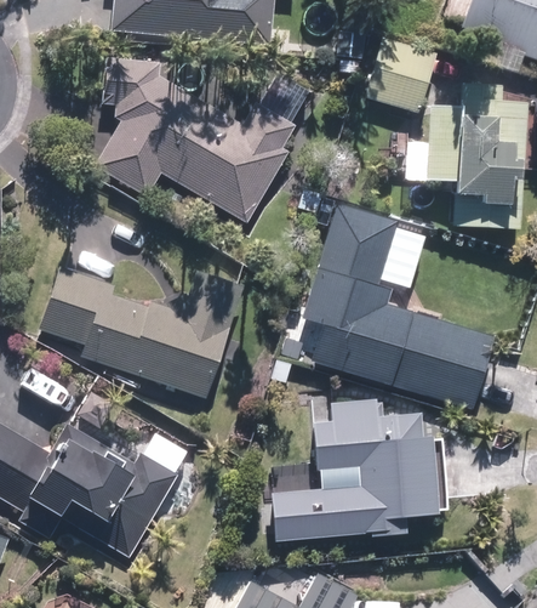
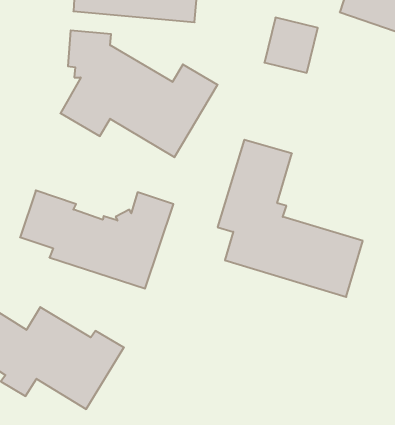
building: [424,81,530,228] -> none
building: [270,397,440,540] -> none

